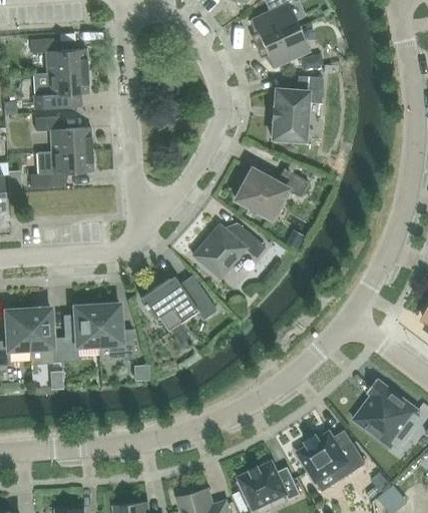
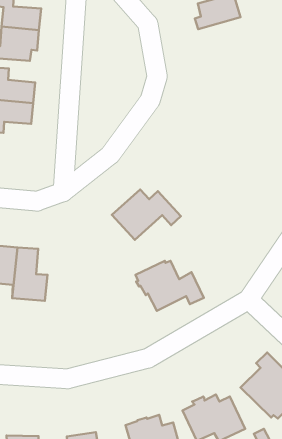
building: [255,27,309,68] -> none
building: [271,76,322,140] -> none
building: [235,168,308,218] -> none
building: [139,277,216,332] -> [135,261,204,311]

